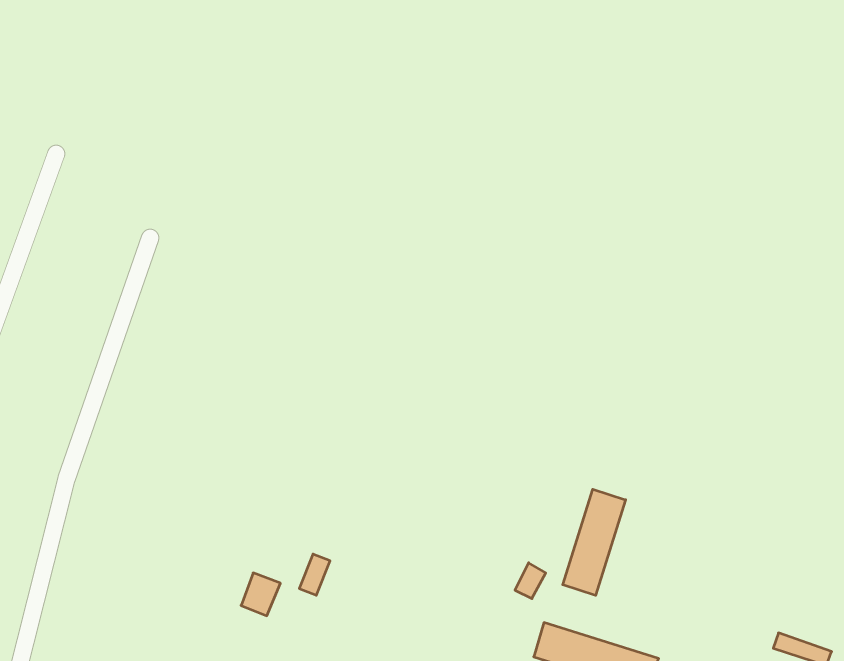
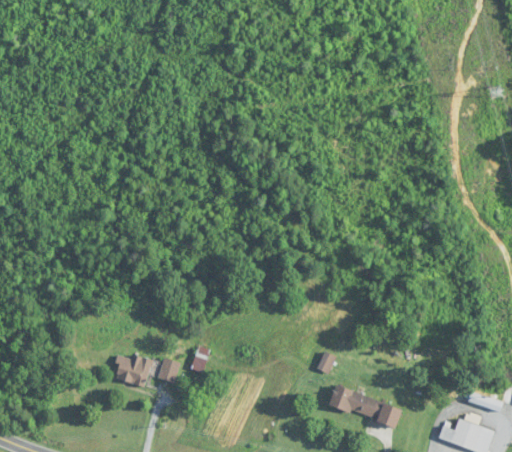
building: [563,489,626,595] -> none
building: none -> [112,352,153,387]

